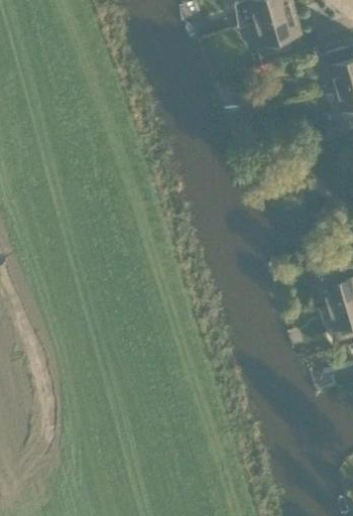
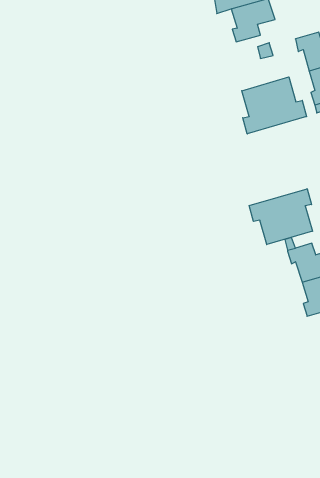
building: none -> [242,77,307,134]
building: none -> [249,189,313,245]

